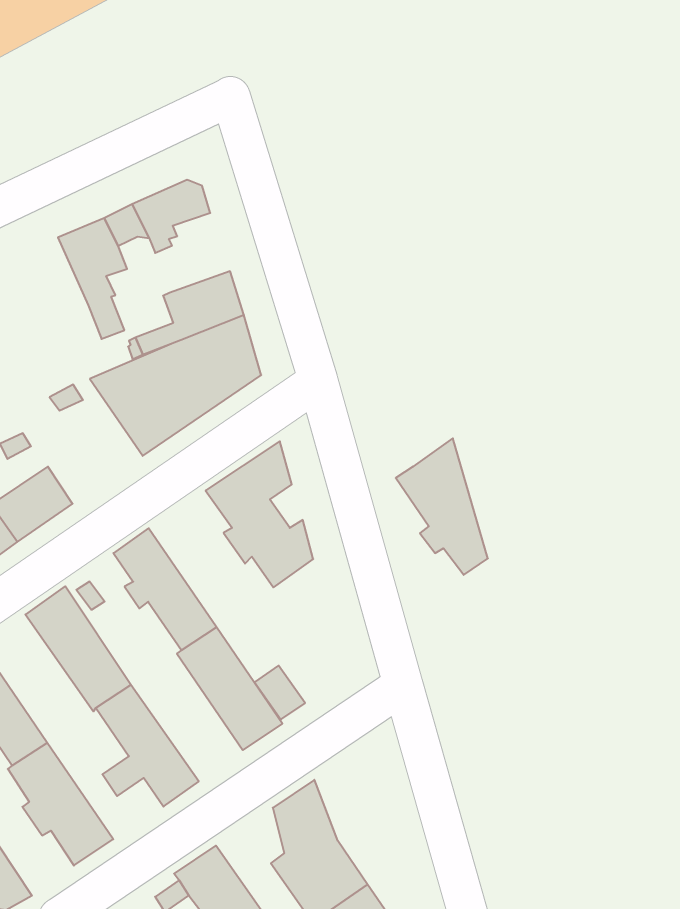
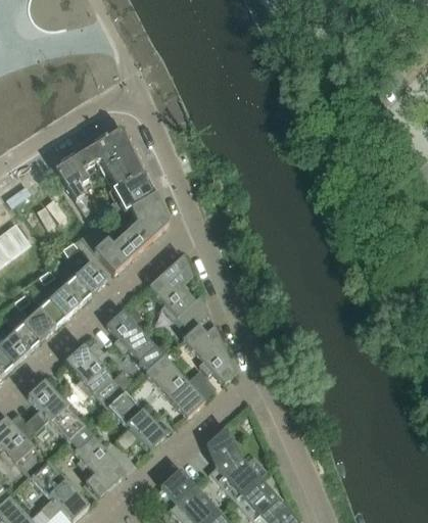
building: none -> [105,143,145,187]
building: none -> [65,262,107,302]
building: [396,438,488,575] -> [182,314,235,383]

